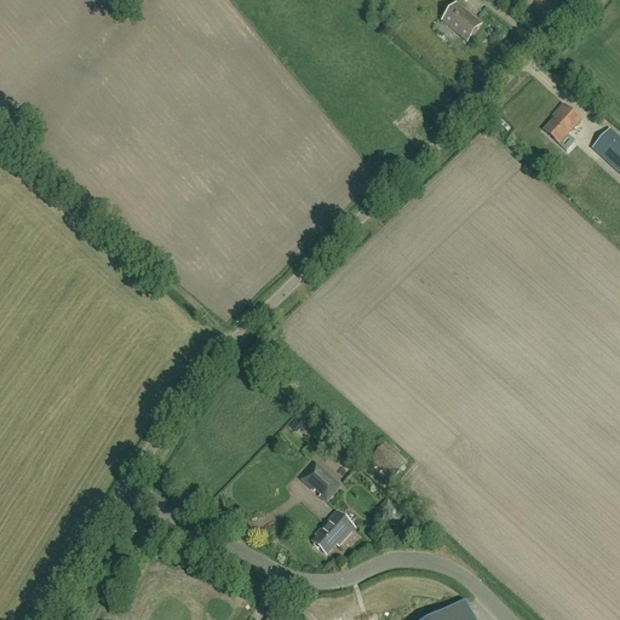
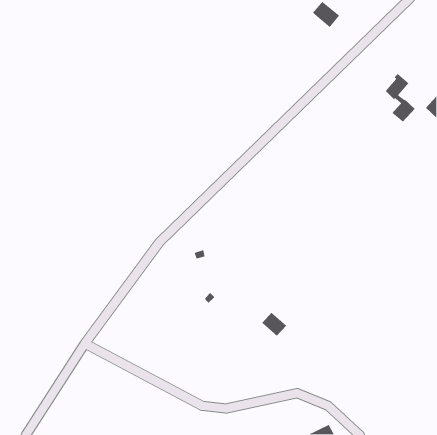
building: [302,463,339,500] -> none
building: [312,510,354,553] -> none

